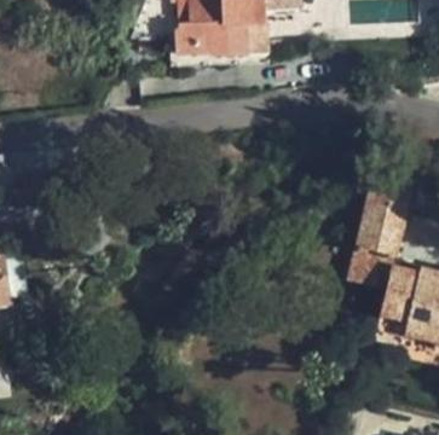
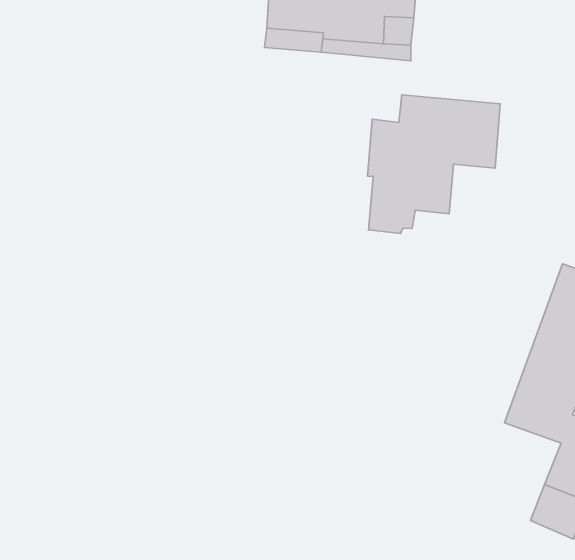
building: none -> [367,95,500,233]

